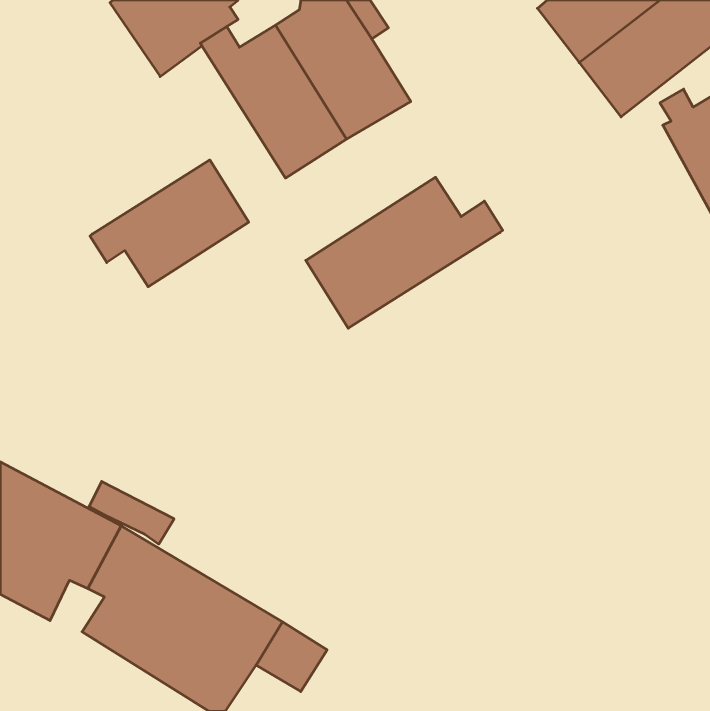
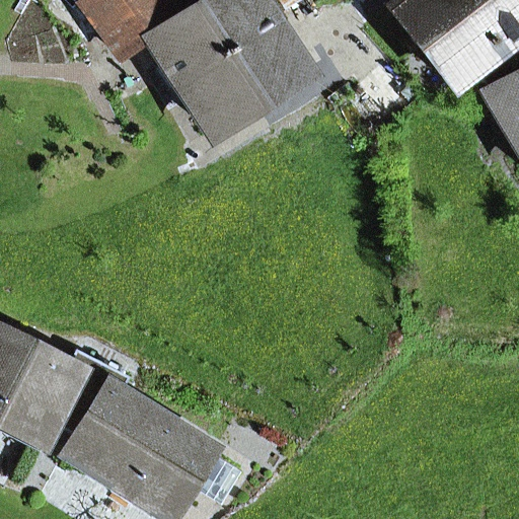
building: [90,160,249,287] -> none
building: [306,177,503,328] -> none

